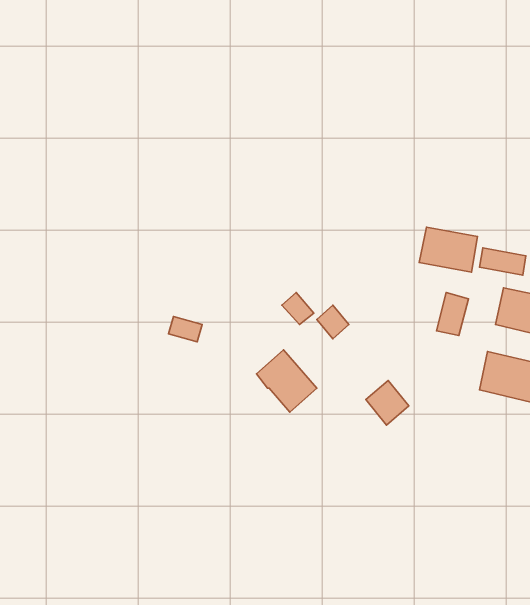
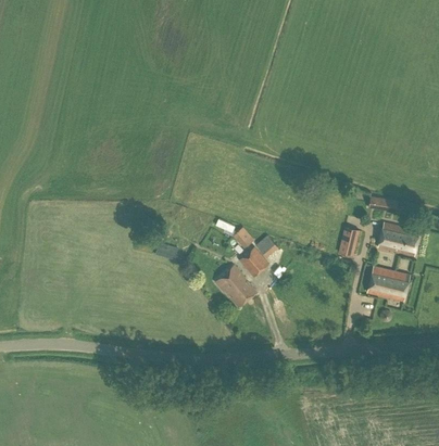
building: [419,227,478,272] -> none
building: [366,380,409,425] -> [239,246,268,277]

